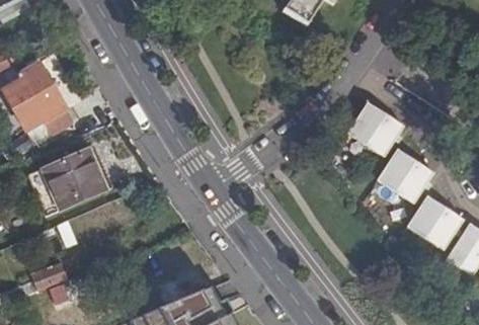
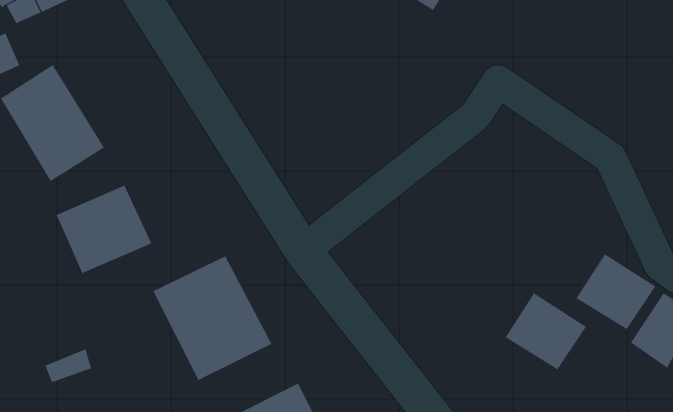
building: [347,102,404,156] -> none
building: [377,149,434,204] -> [505,292,587,370]
building: none -> [153,255,272,381]

